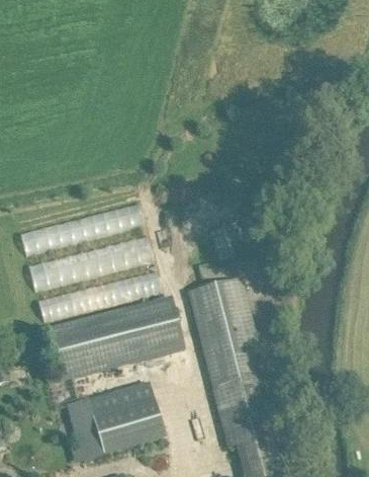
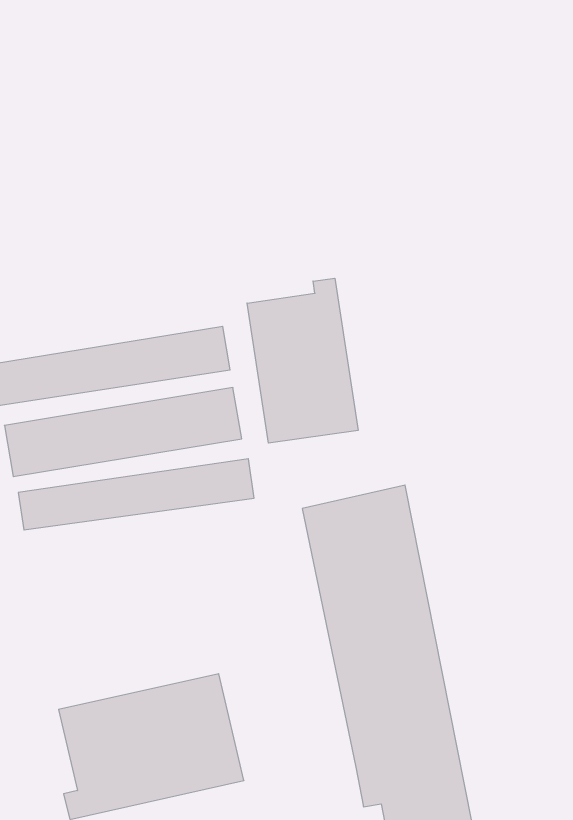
building: none -> [247,278,358,443]
building: [47,295,186,382] -> none

